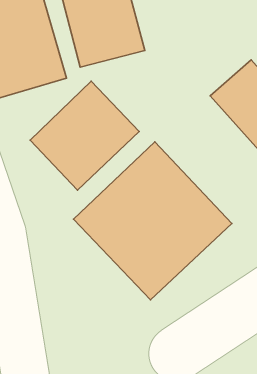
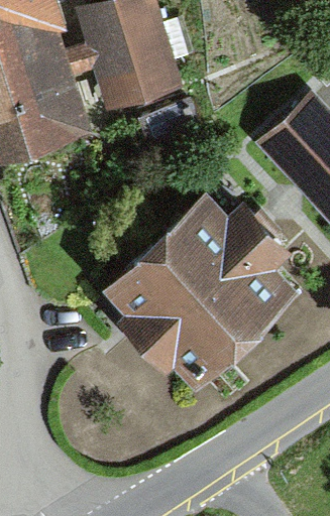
building: [30,81,139,190] -> none

